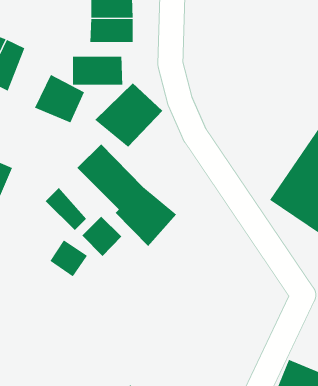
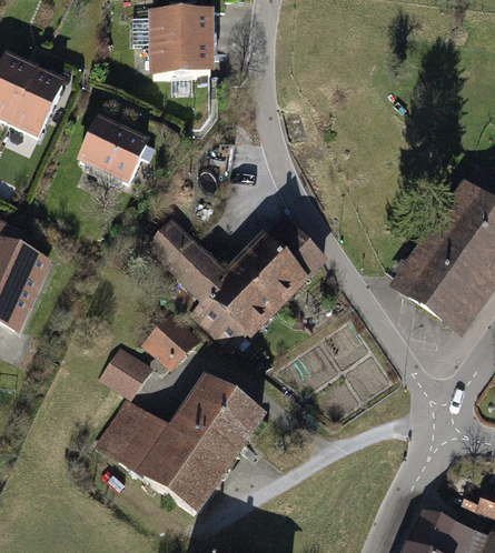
building: [72,56,123,86] -> none
building: [95,82,163,148] -> [226,219,319,308]
building: [45,187,87,231] -> none
building: none -> [97,376,263,510]

